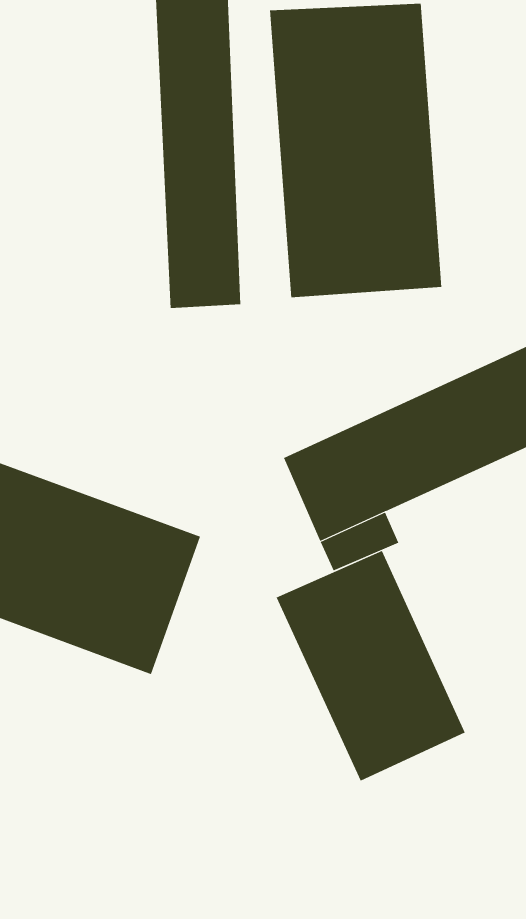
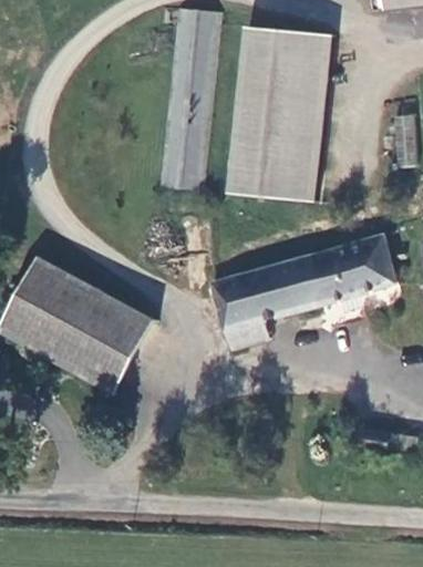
building: [276,550,465,782] -> none

